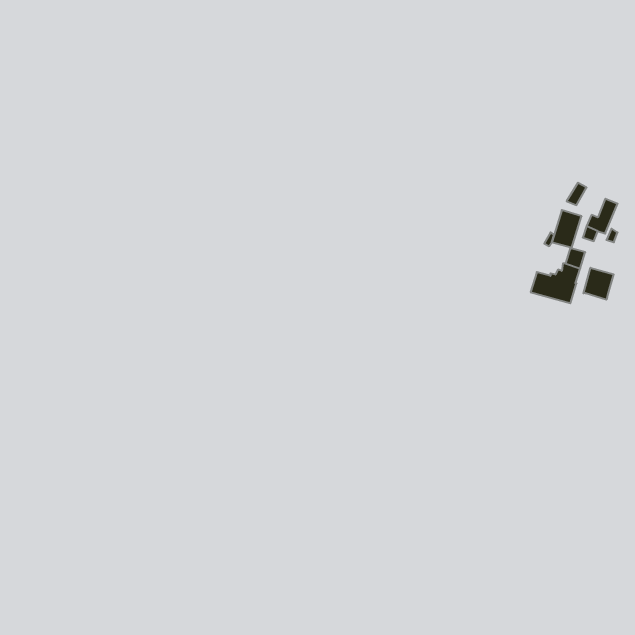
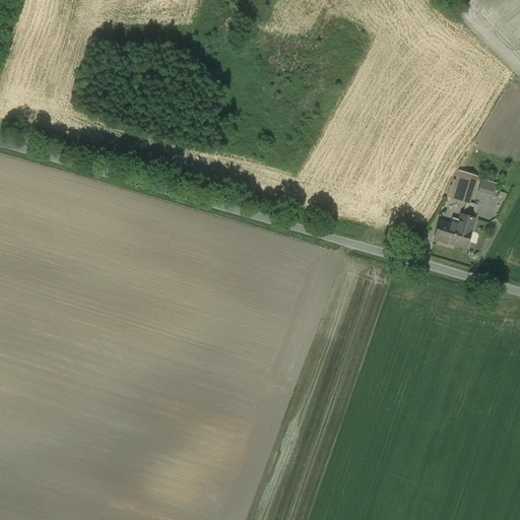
building: [583,268,614,300] -> none

